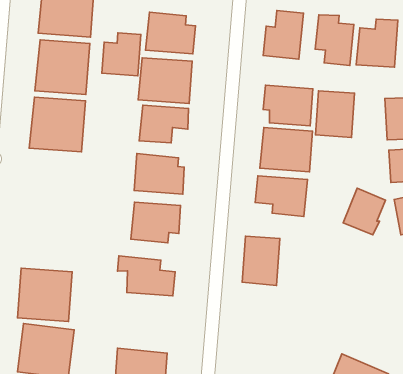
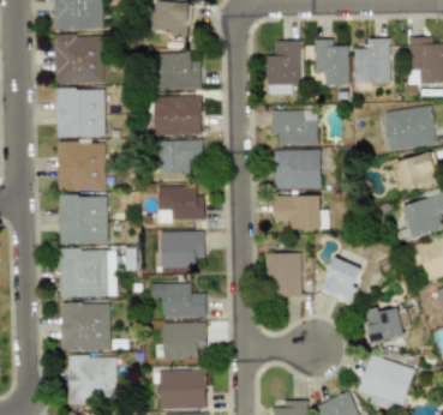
building: [102,33,141,76] -> none
building: [315,91,354,138] -> none
building: none -> [59,194,108,243]
building: [343,188,385,235] -> [323,258,360,300]
building: none -> [59,248,115,296]
building: none -> [162,321,206,359]
building: none -> [365,307,403,342]

